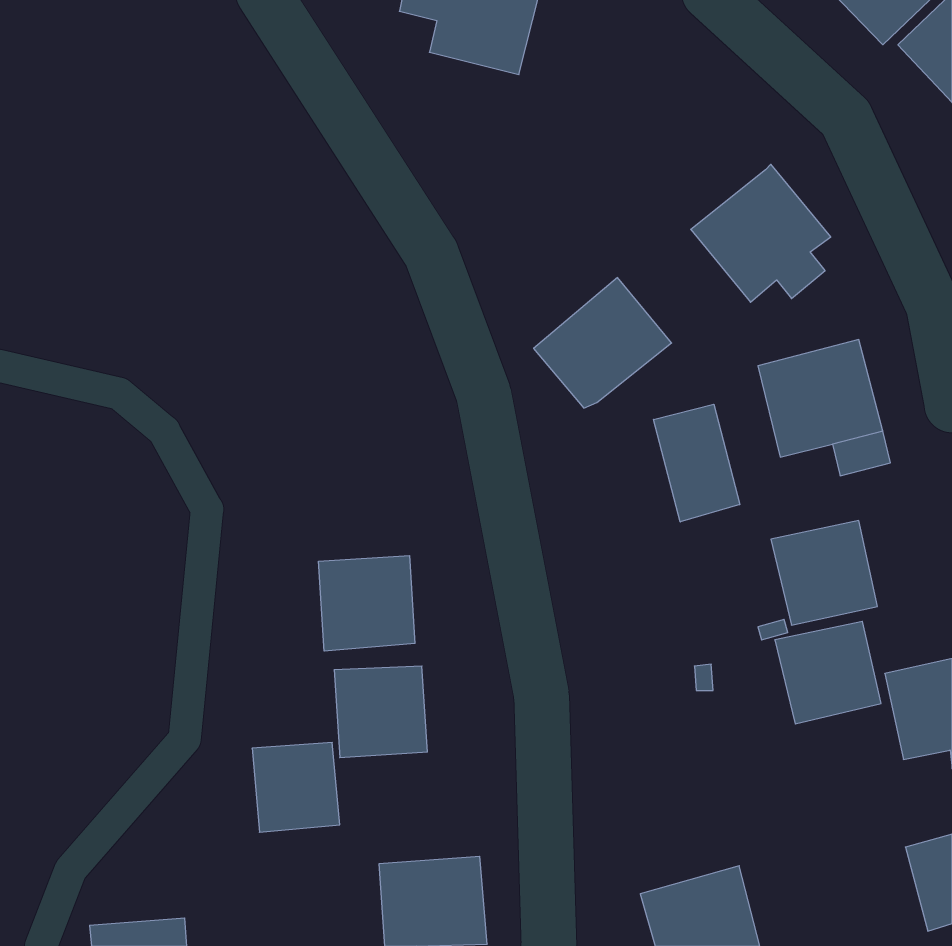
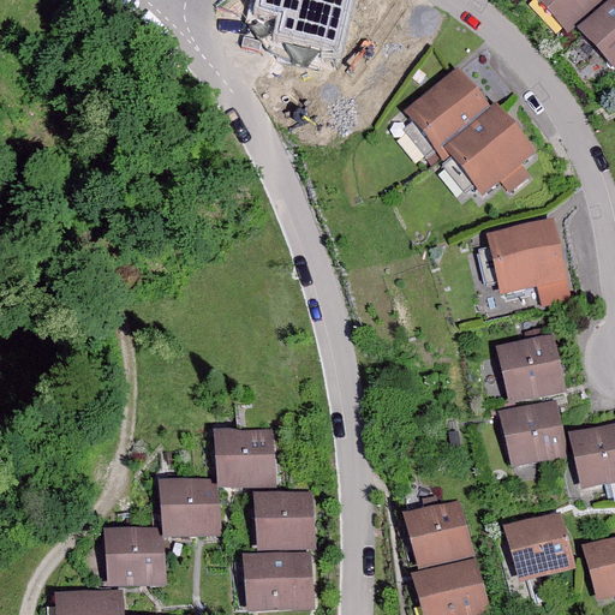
building: [534,278,672,408] -> [404,67,492,151]
building: [654,404,740,522] -> none
building: [319,556,415,651] -> none
building: none -> [255,491,316,549]
building: none -> [404,500,474,568]
building: none -> [503,513,574,583]
building: none -> [105,526,162,585]

